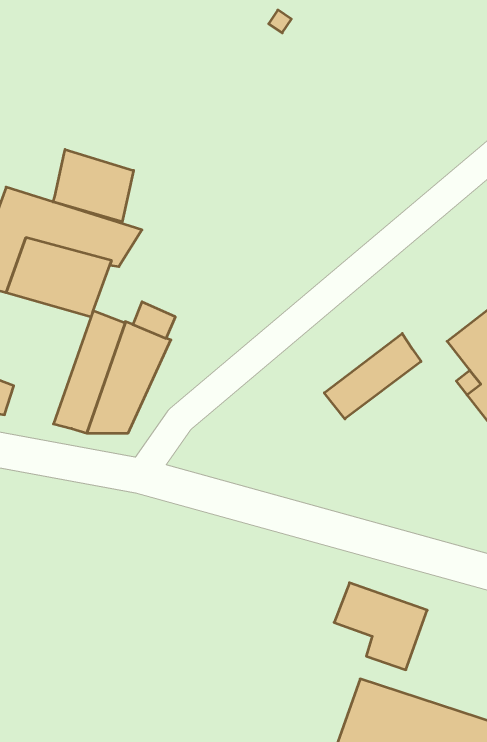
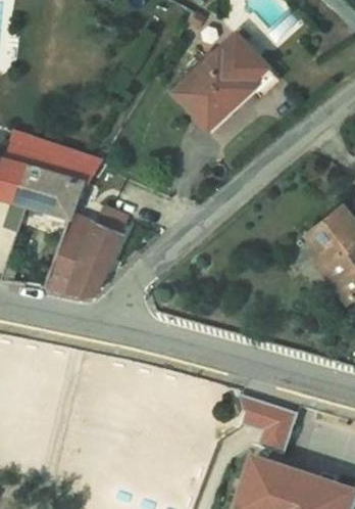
building: none -> [174,33,280,128]
building: [53,149,134,222] -> none
building: [324,333,421,419] -> none

